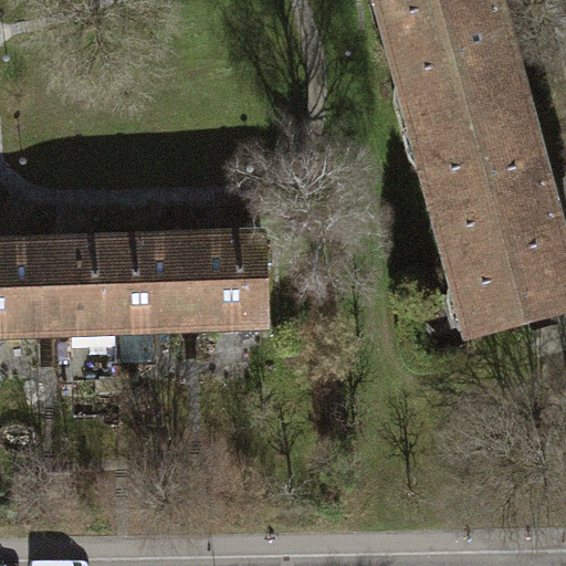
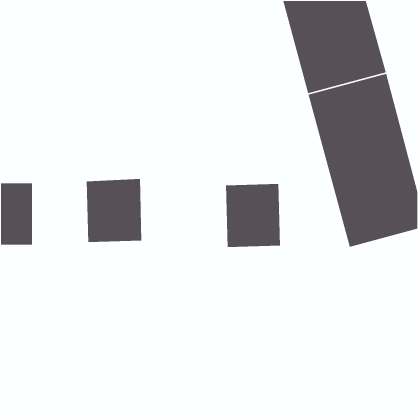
building: [190,239,265,326] -> [225,183,281,248]
building: [44,244,118,332] -> none

